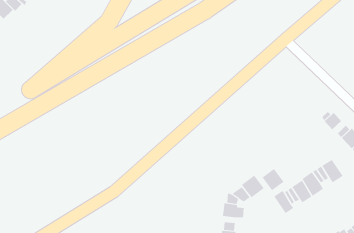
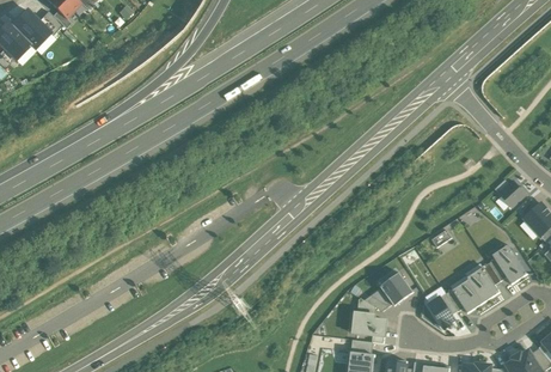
building: [262,168,284,191] -> none

